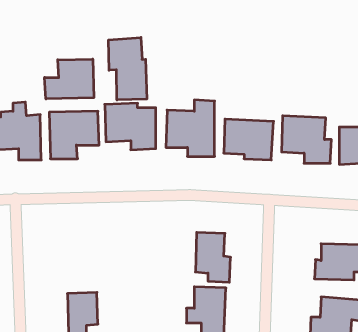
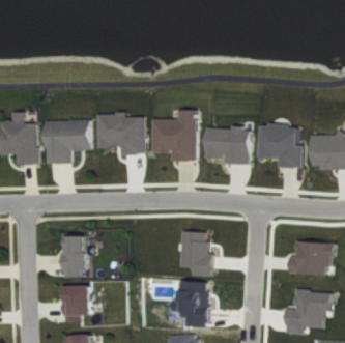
building: [109,37,147,100] -> none
building: [45,59,94,99] -> none
building: none -> [61,234,86,277]

